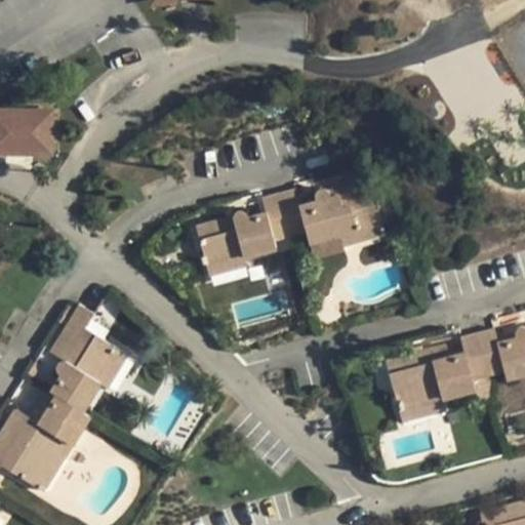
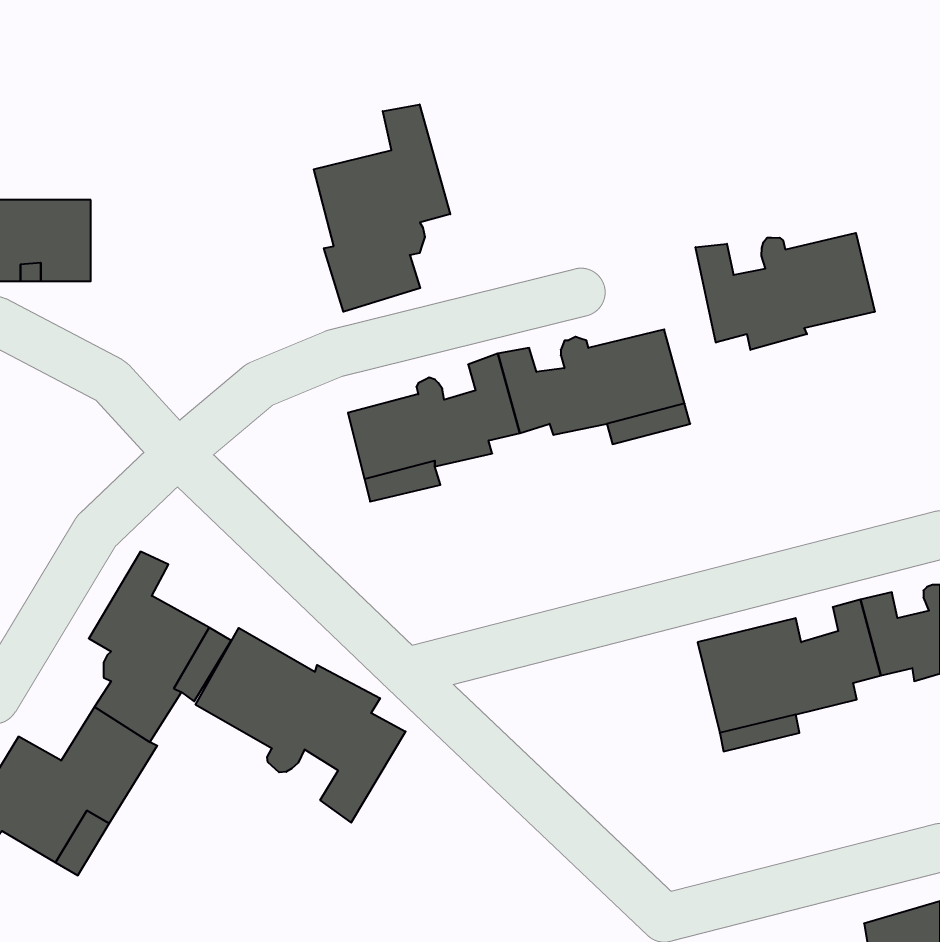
building: none -> [314,104,450,312]
building: none -> [696,233,875,350]
building: none -> [196,628,406,823]

